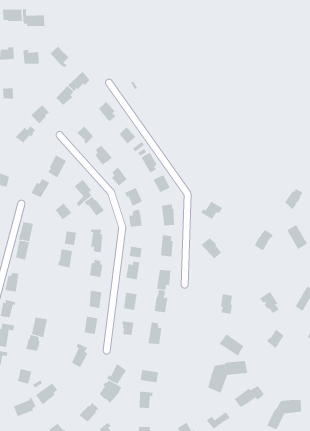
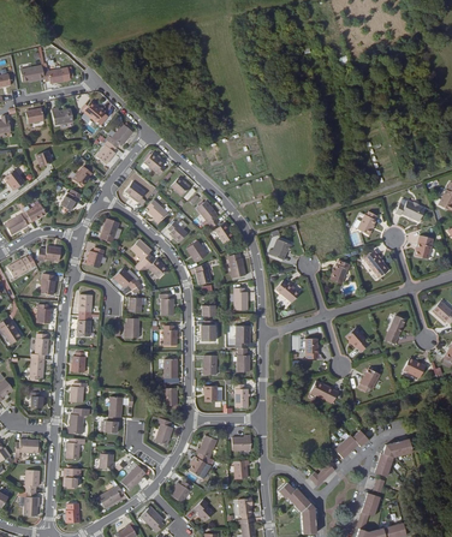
building: [207,360,248,393] -> none

